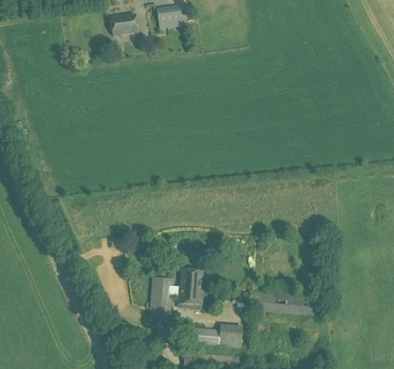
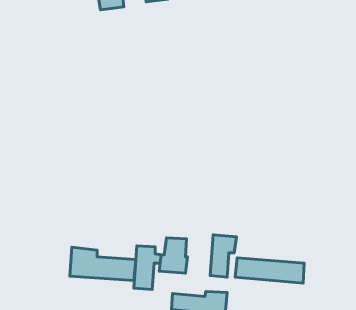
building: none -> [210,235,237,277]
building: none -> [70,247,136,280]

